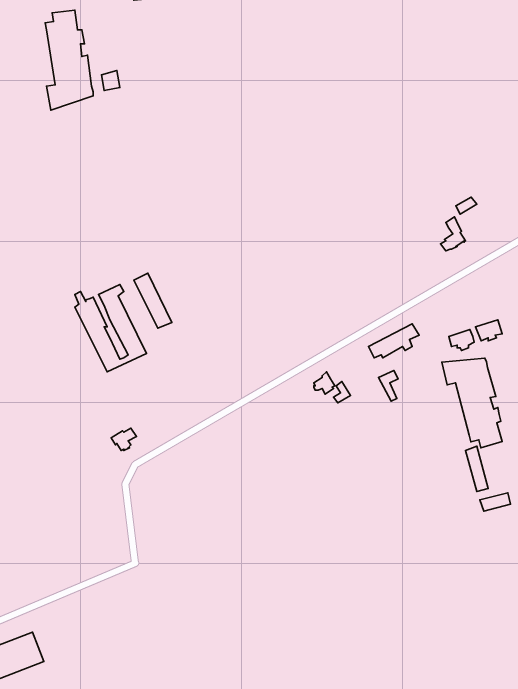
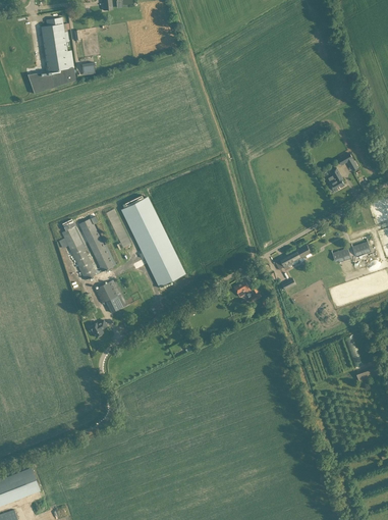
building: none -> [120,195,184,285]
building: [442,358,502,448] -> none
building: none -> [95,279,126,312]

